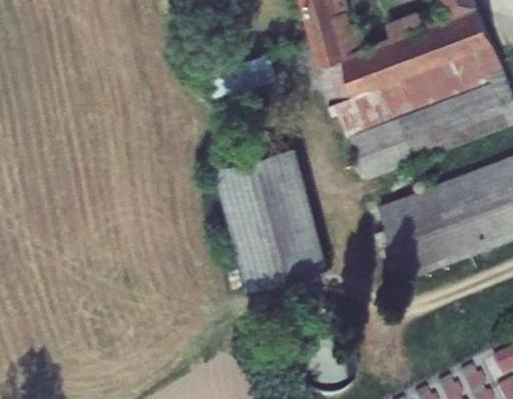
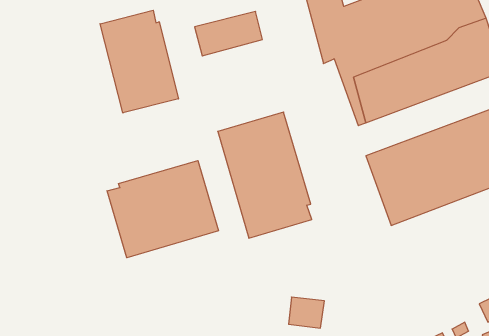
building: none -> [100,10,178,113]
building: none -> [107,161,218,258]

